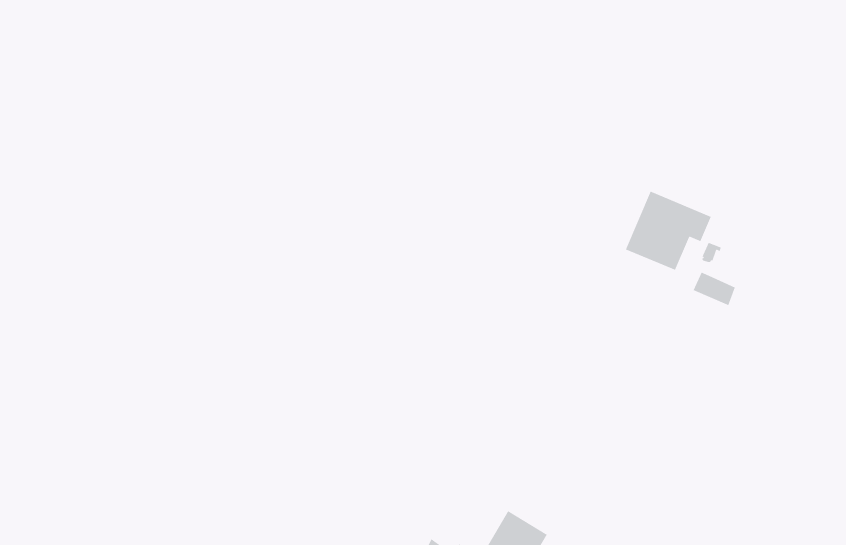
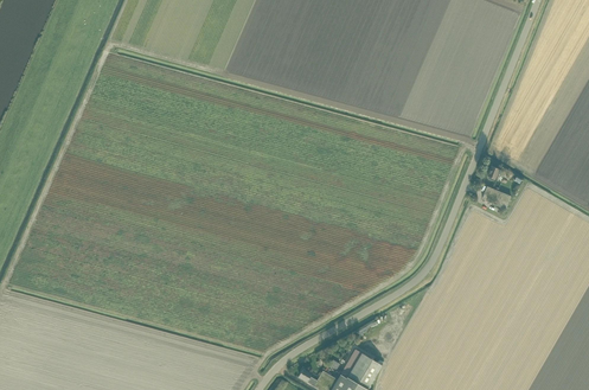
building: [625,191,712,271] -> none

